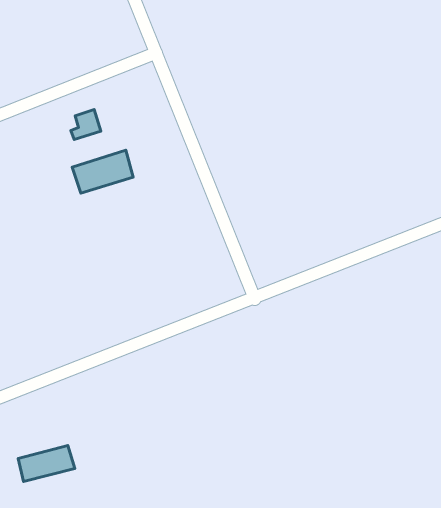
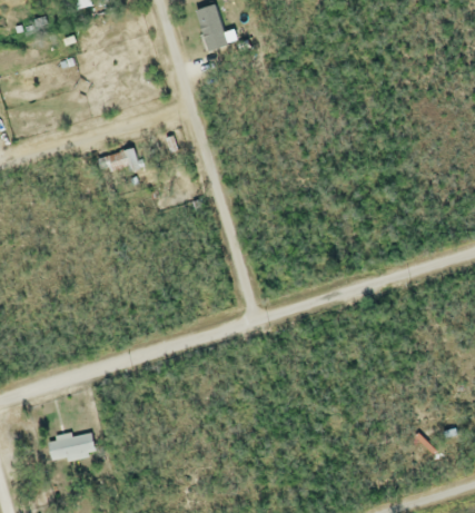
building: [72,150,133,193] -> none

